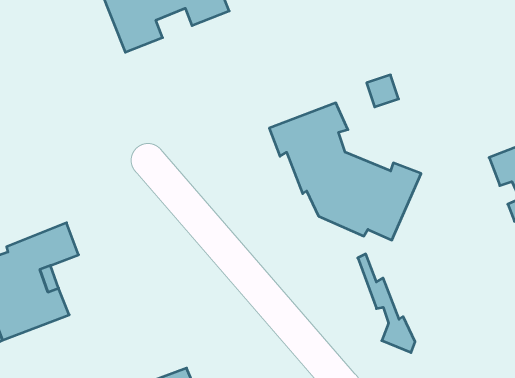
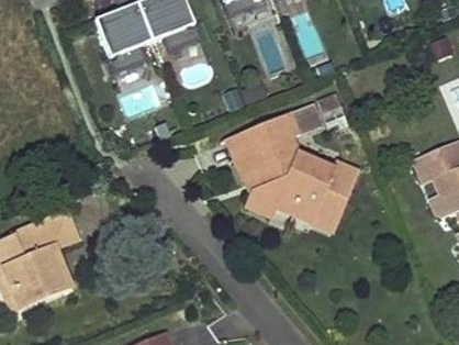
building: [358,254,415,353] -> [227,133,275,214]

